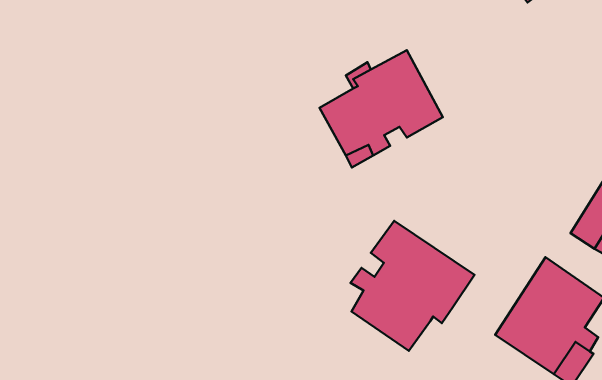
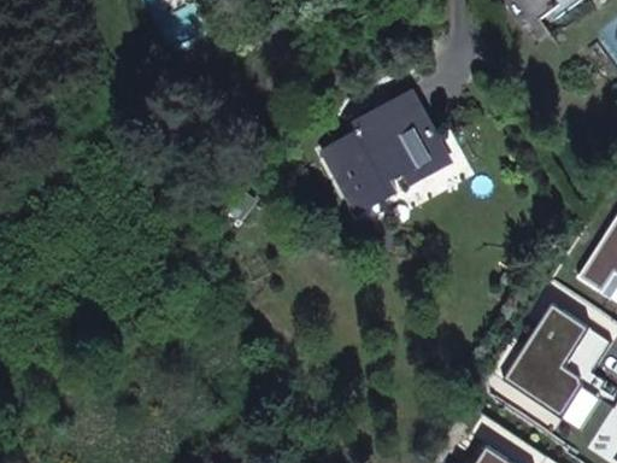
building: [351,221,474,351] -> none

